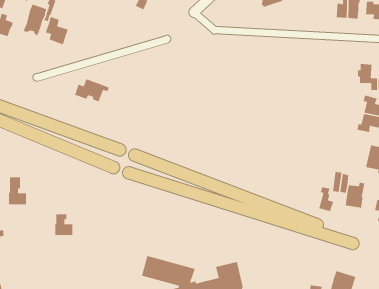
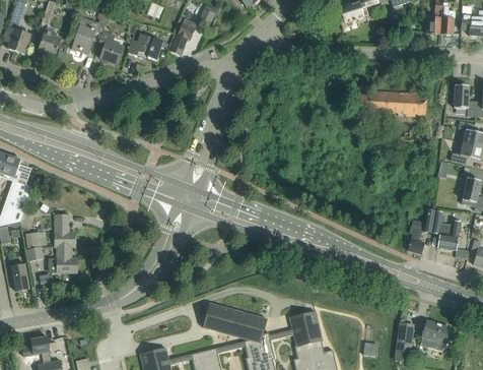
building: none -> [170,17,198,55]
building: none -> [354,90,426,116]
building: [74,78,110,102] -> [128,33,168,60]
building: [55,214,73,236] -> [57,246,78,271]

